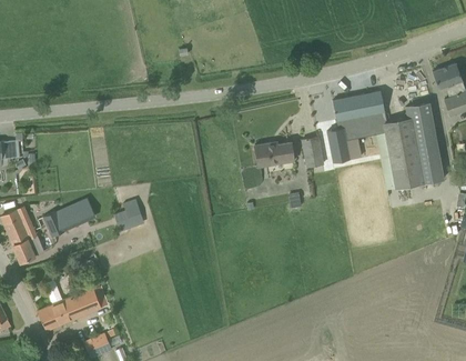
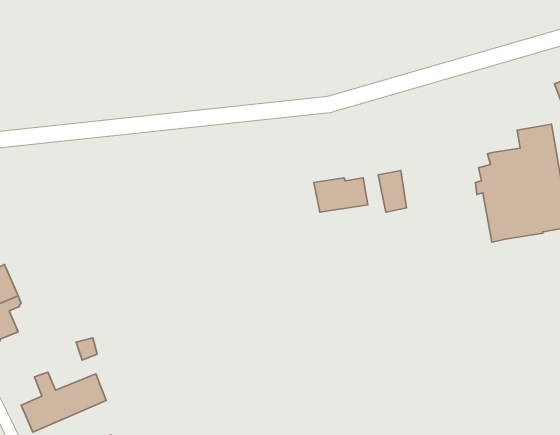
building: [327,90,386,162] -> none
building: [114,199,144,231] -> none
building: [42,202,90,237] -> none

